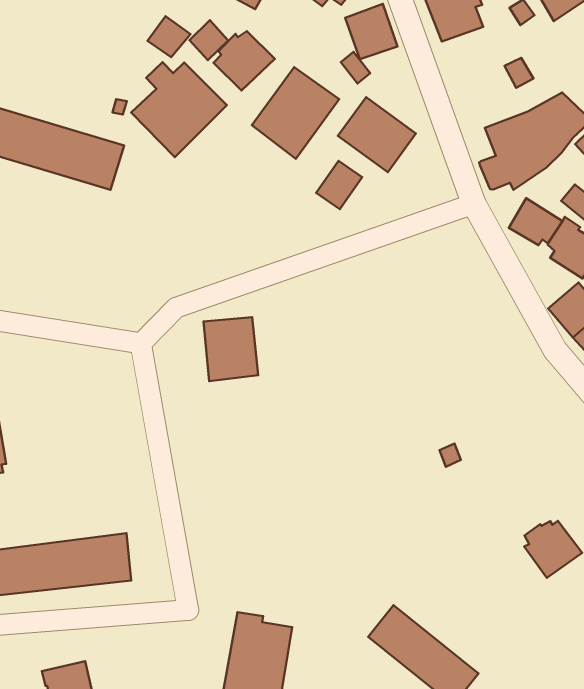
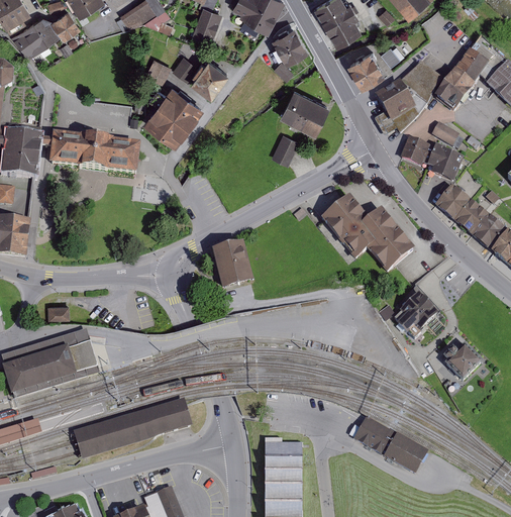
building: none -> [346,48,385,87]
building: [252,67,339,159] -> none
building: none -> [322,196,414,271]
building: none -> [394,283,441,337]

